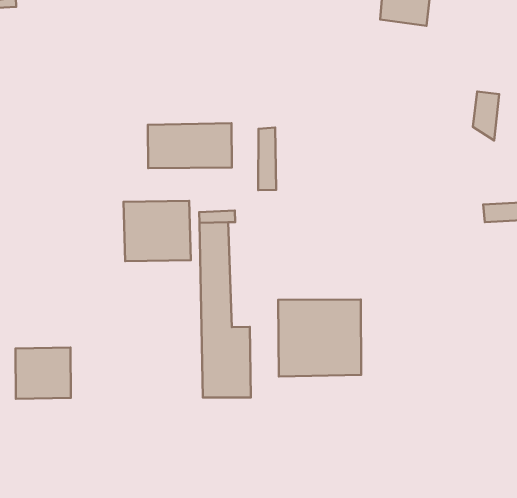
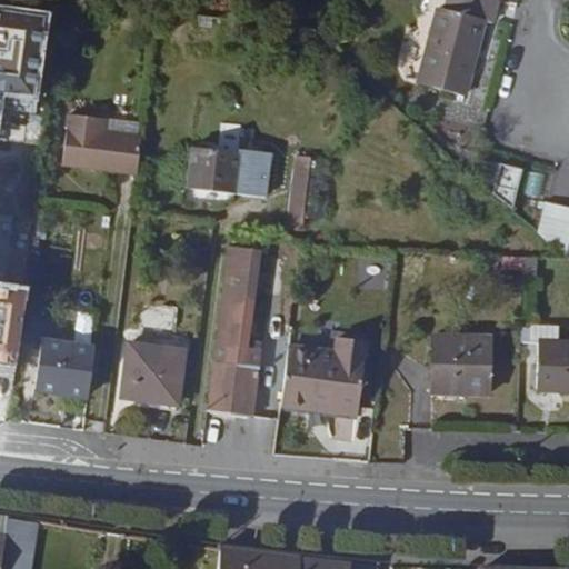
building: none -> [63,113,141,173]
building: [124,201,191,261] -> none
building: none -> [435,340,495,397]
building: none -> [121,339,181,406]

